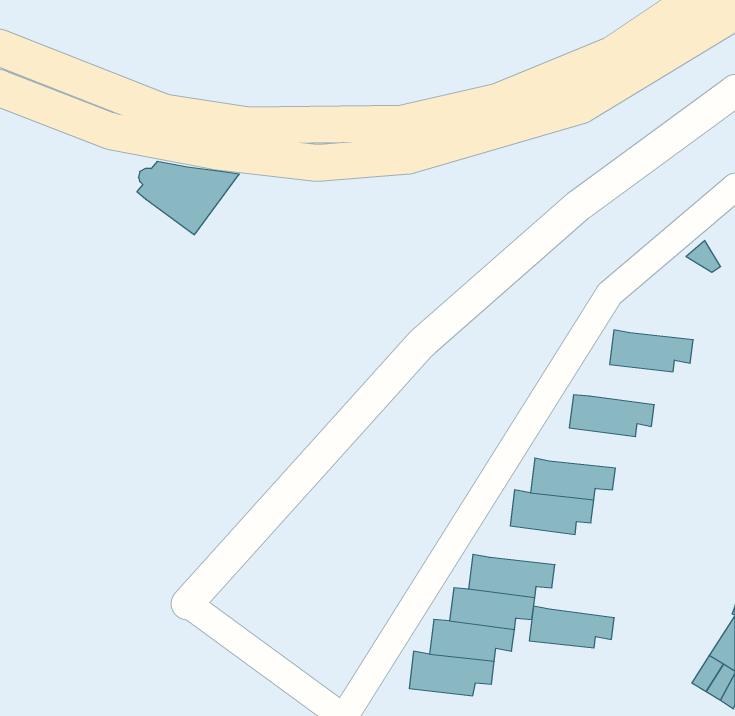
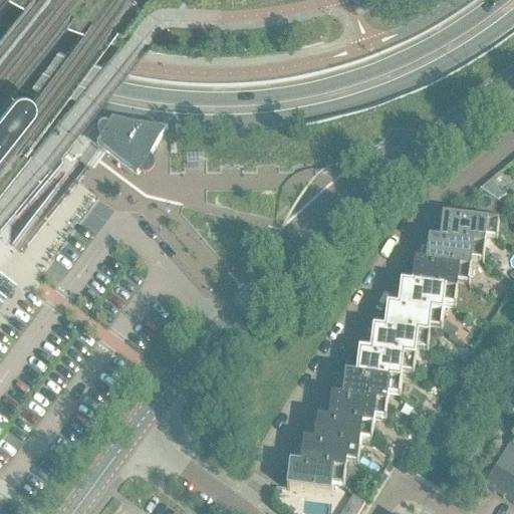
building: none -> [439,208,497,237]
building: none -> [411,252,469,282]
building: none -> [382,297,443,326]
building: [529,606,614,648] -> [341,364,401,394]

